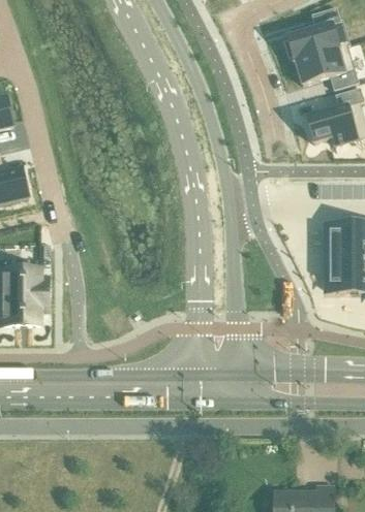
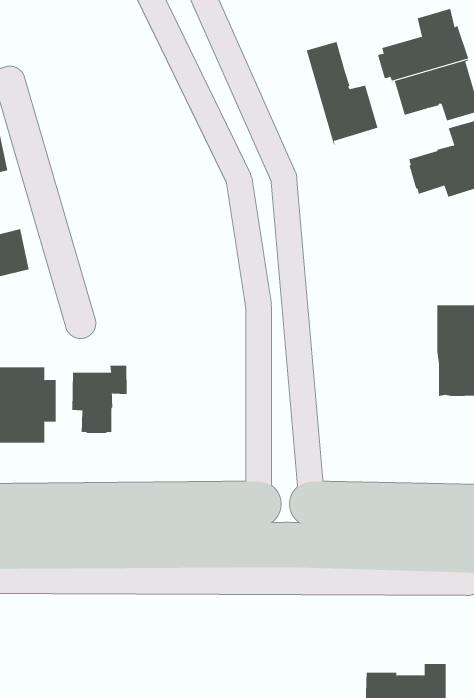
building: none -> [305,41,378,146]
building: none -> [72,365,127,434]

